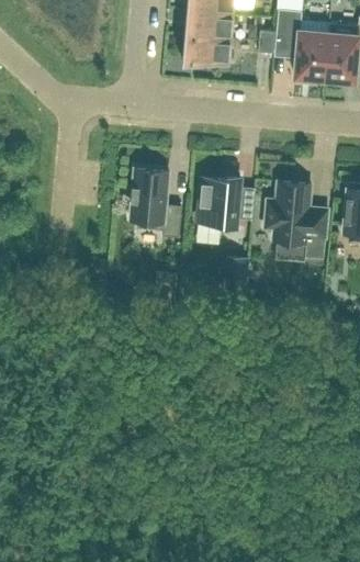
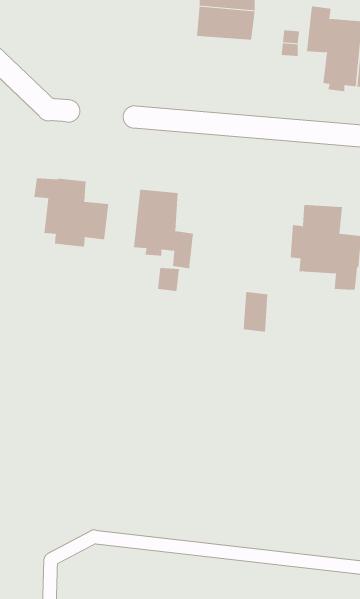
building: [181,36,232,66] -> none
building: none -> [34,177,109,247]
building: [198,178,239,228] -> none

